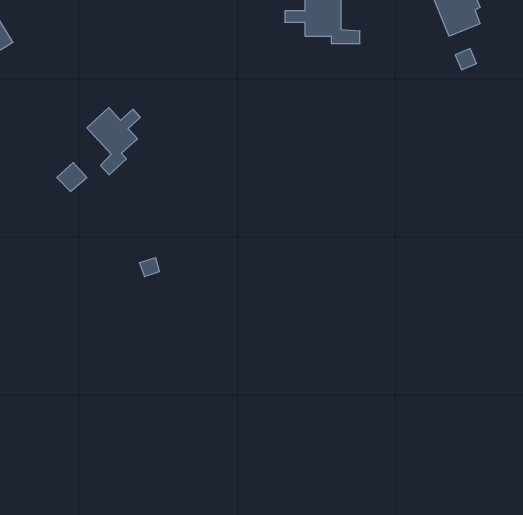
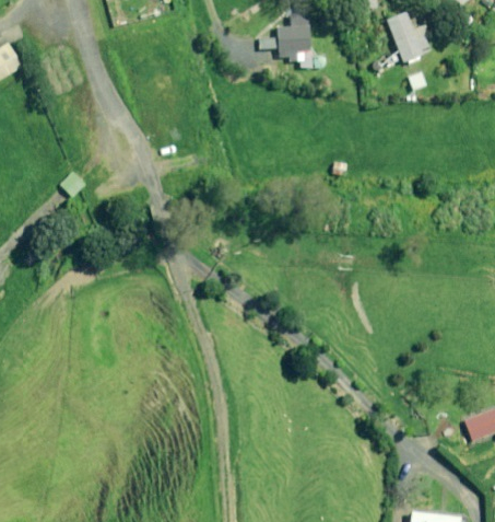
building: [87,108,140,175] -> none

